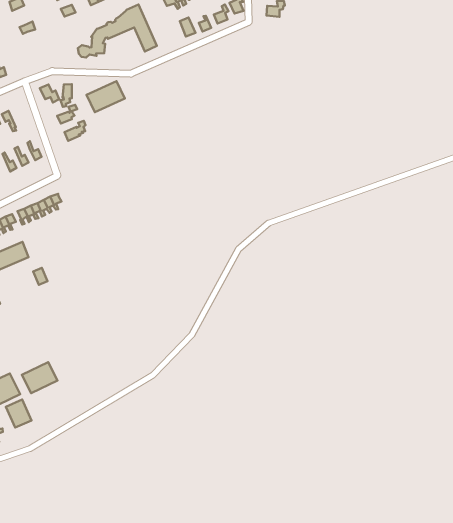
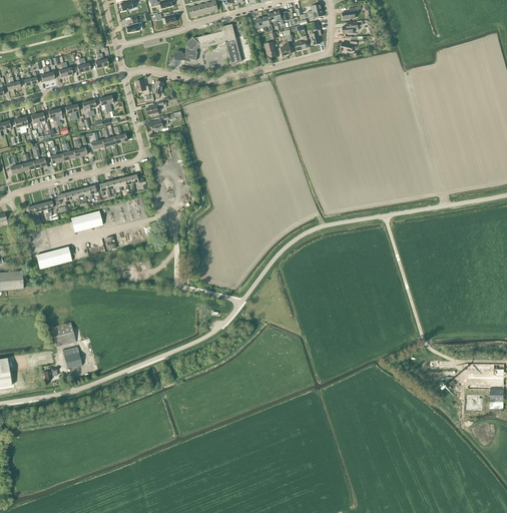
building: [87,81,125,112] -> none
building: [22,362,57,393] -> none

